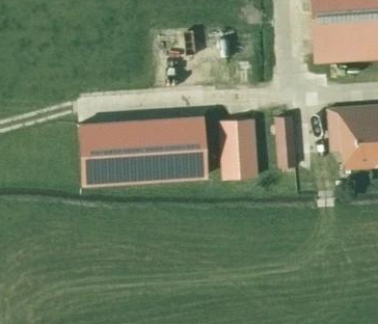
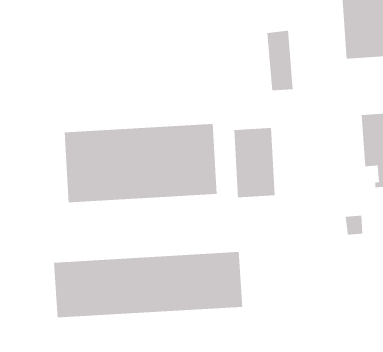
building: [274,116,297,167] -> [266,30,294,91]
building: none -> [54,251,243,318]

